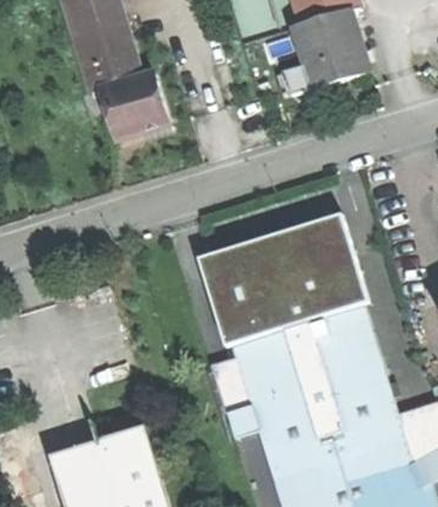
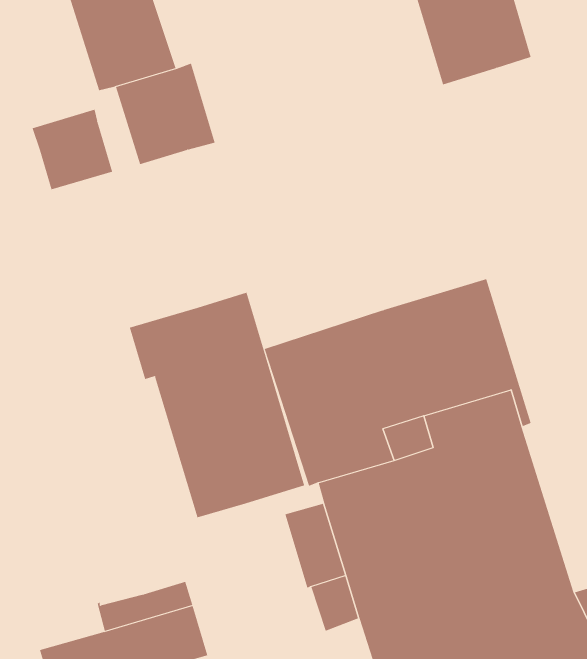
building: none -> [32,109,113,190]
building: none -> [129,292,305,518]

